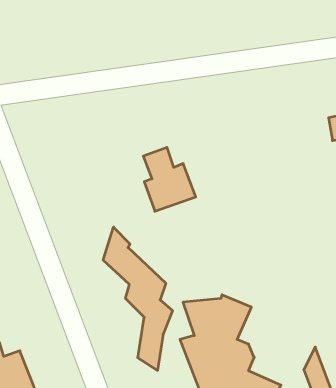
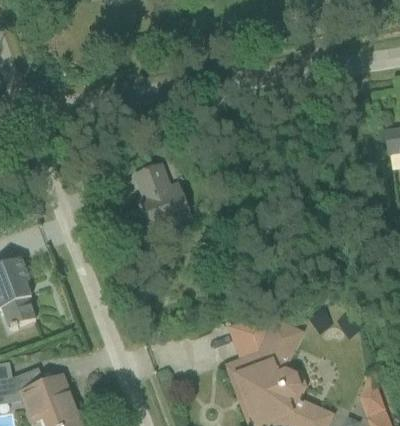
building: [143,147,196,211] -> [135,164,190,231]
building: [103,227,172,370] -> none

